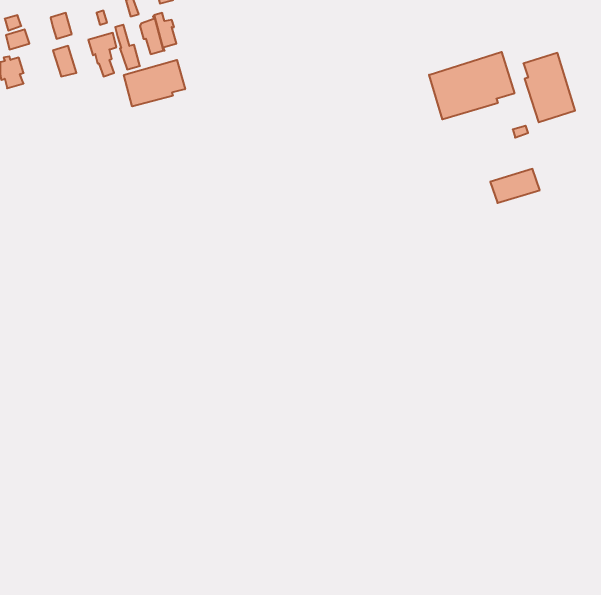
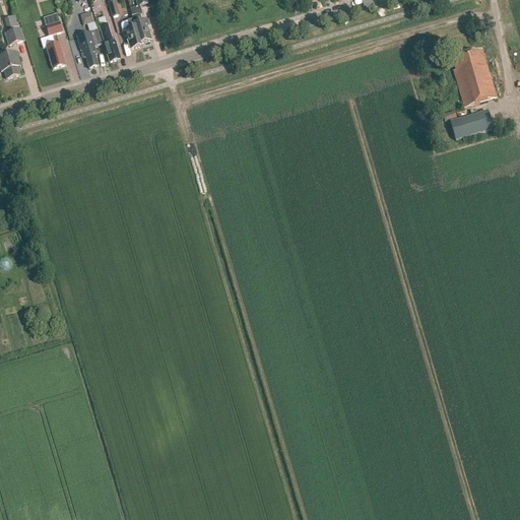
building: [429,52,514,119] -> none
building: [124,60,185,106] -> none
building: [490,169,540,203] -> [450,109,493,138]

